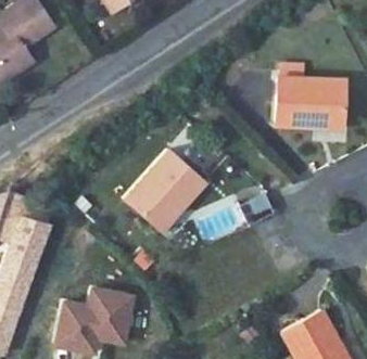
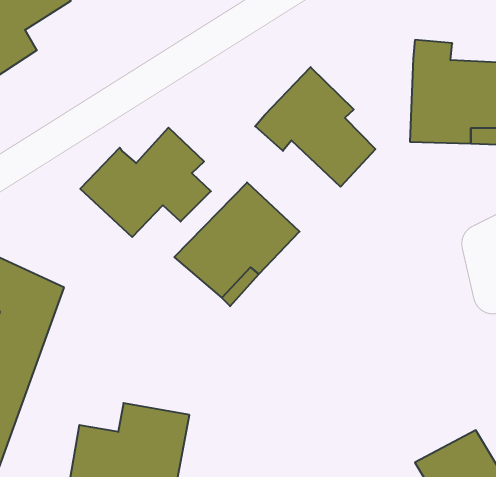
building: none -> [255,67,375,187]
building: none -> [80,128,211,237]

